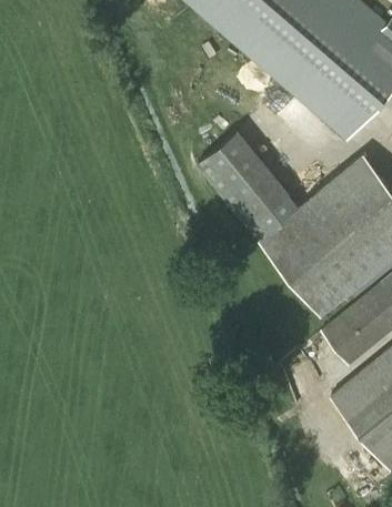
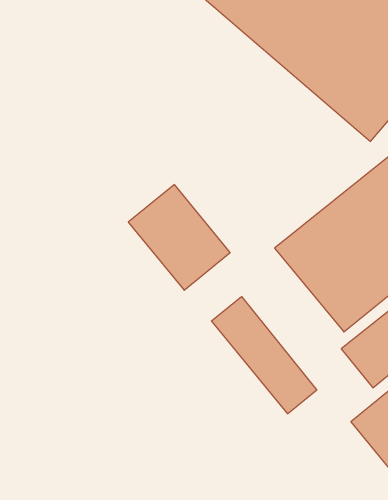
building: [194,130,288,226] -> [128,185,230,290]
building: none -> [211,297,317,414]

